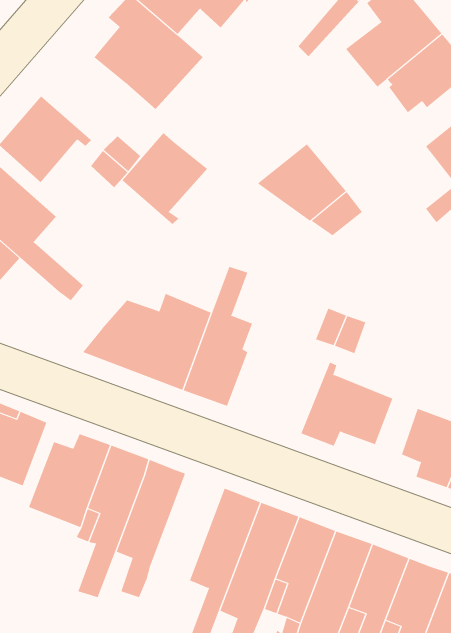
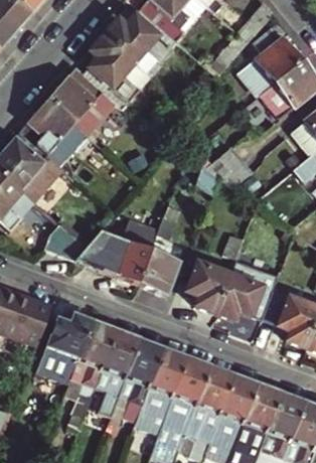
building: [122,132,208,225] -> [48,68,103,127]
building: none -> [39,222,87,261]
building: none -> [185,262,230,312]
building: none -> [118,337,164,421]

